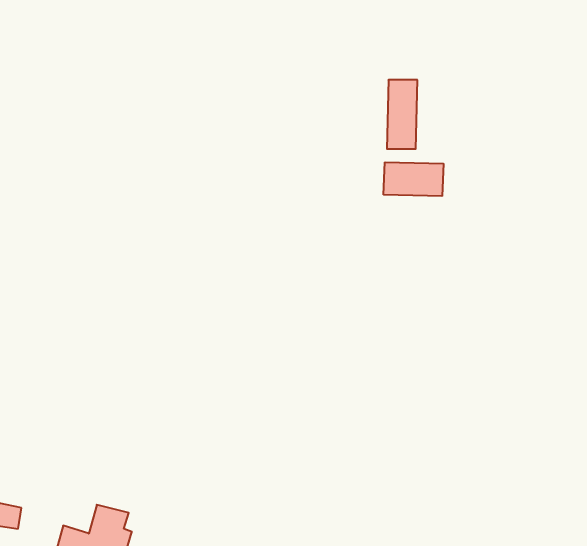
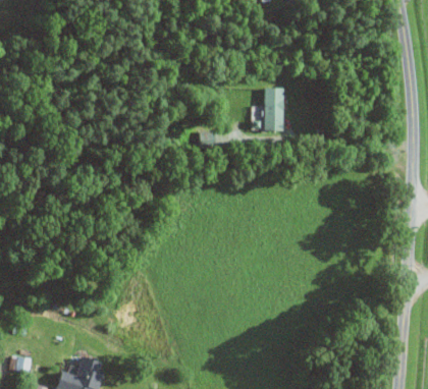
building: [384,162,443,196] -> none

